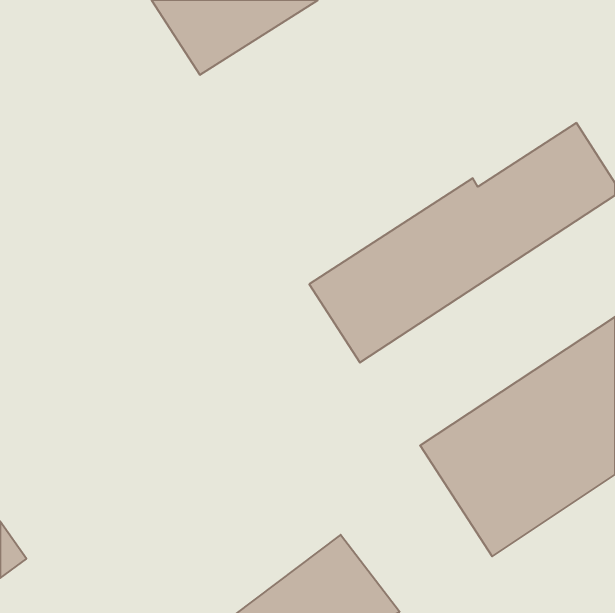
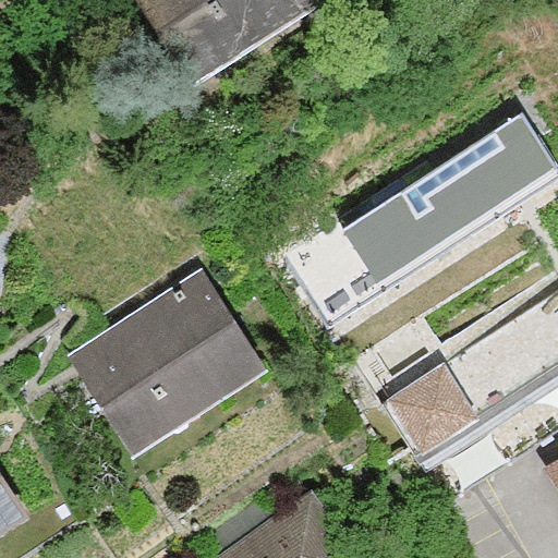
building: none -> [74,274,266,453]

